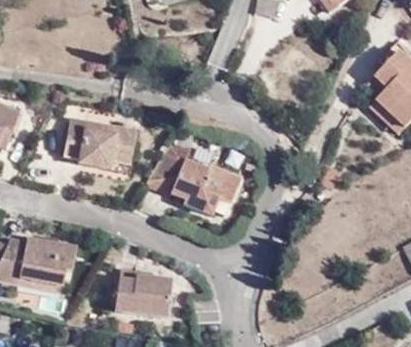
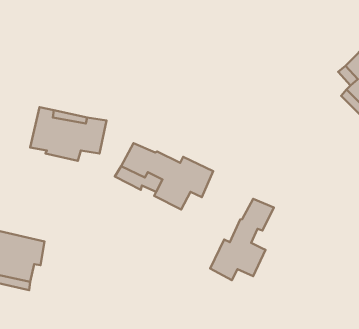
building: none -> [210,199,274,280]
building: [117,268,175,318] -> none

